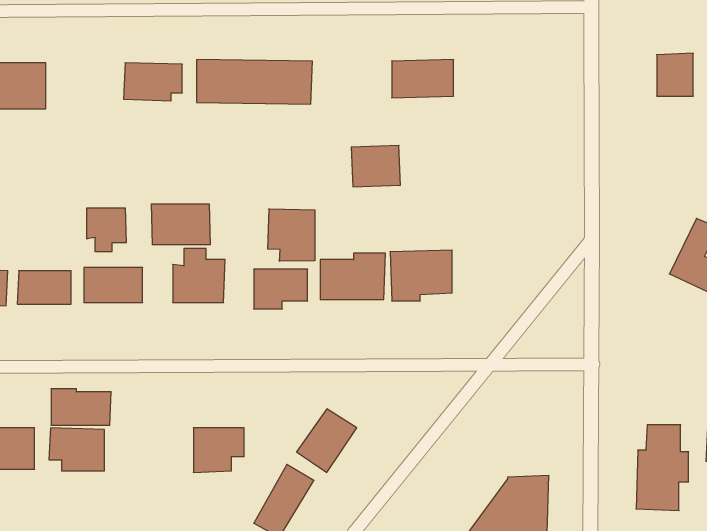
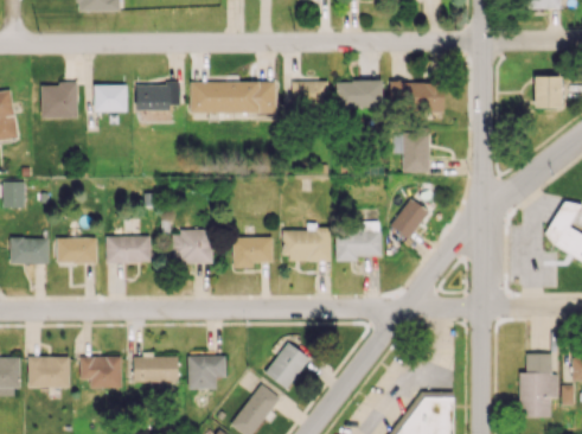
building: none -> [390,81,445,110]
building: none -> [95,84,128,113]
building: none -> [403,132,430,172]
building: [351,145,400,187] -> [292,81,328,111]
building: [151,204,210,245] -> none
building: [87,208,126,252] -> none
building: [268,209,315,261] -> none
building: none -> [391,199,429,238]
building: [51,389,111,425] -> [134,355,179,382]

